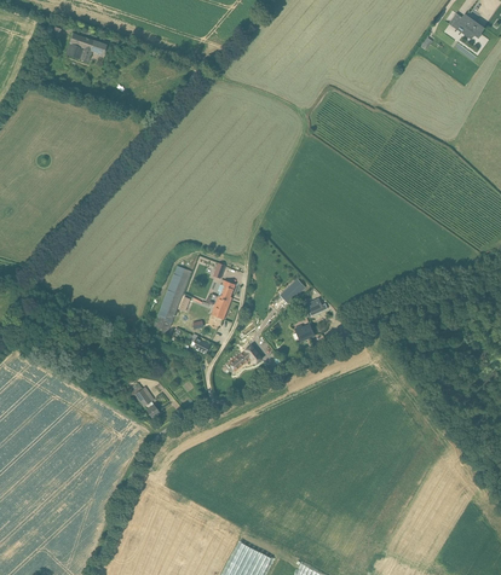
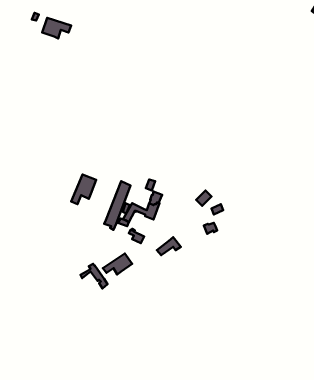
building: none -> [71,174,96,204]
building: none -> [103,254,132,274]

